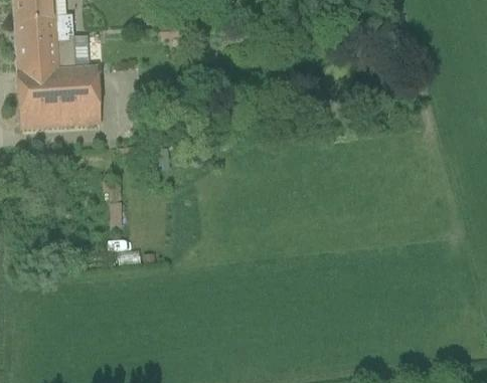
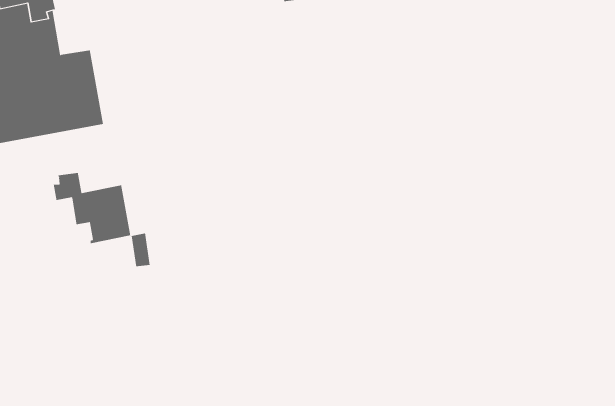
building: none -> [53,172,131,244]

